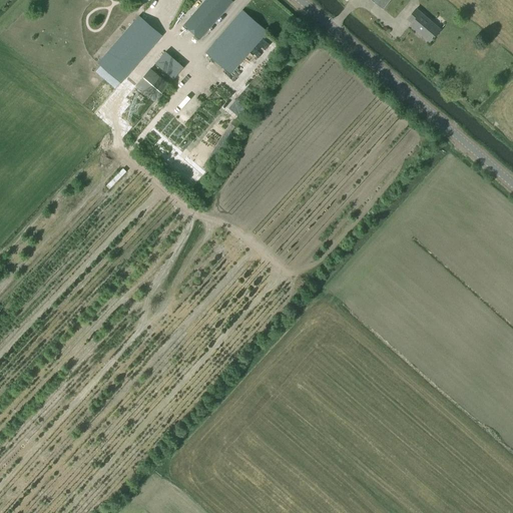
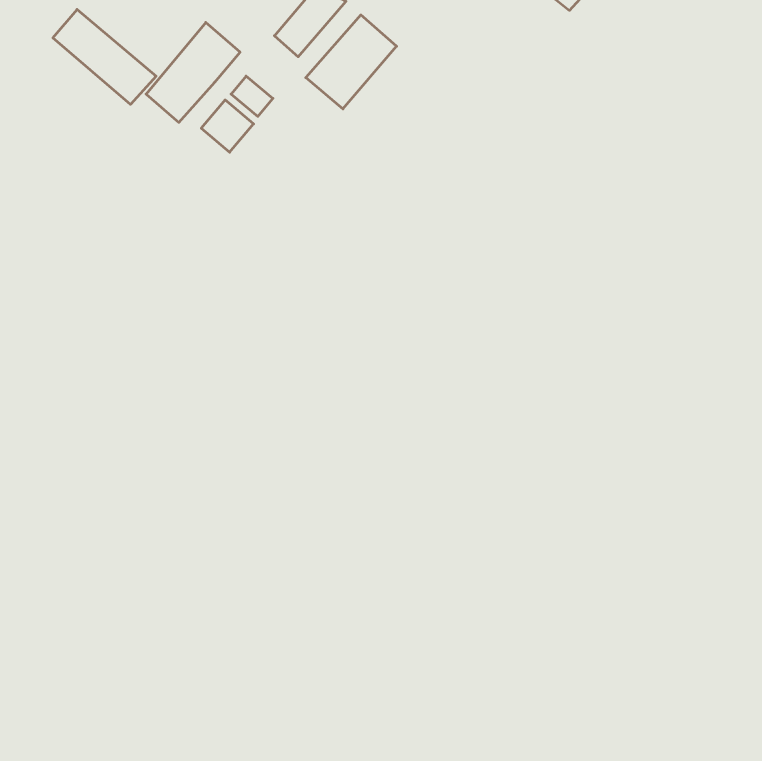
building: none -> [53,9,156,104]
building: [408,9,440,41] -> none

